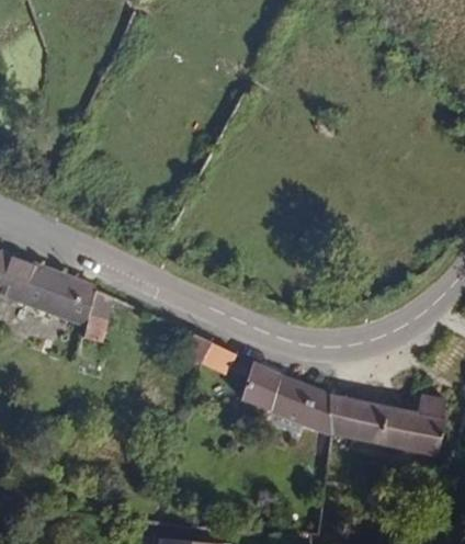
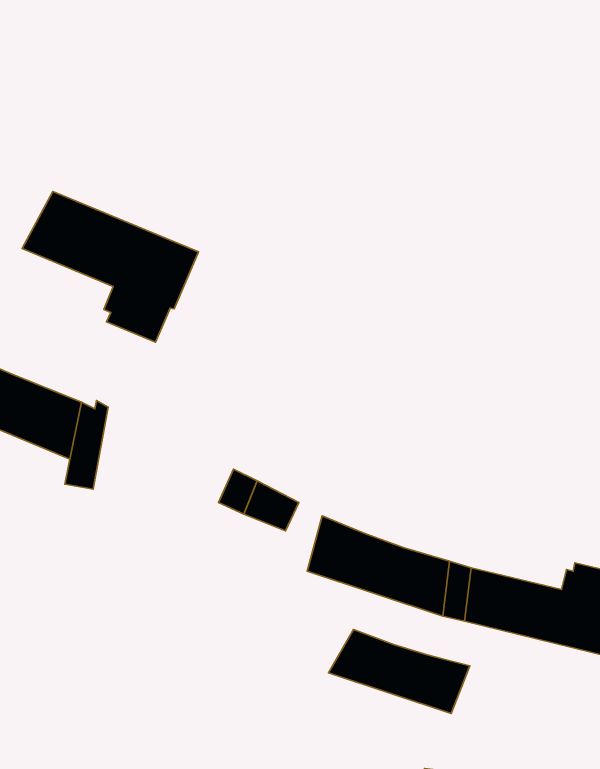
building: none -> [22,192,198,342]
building: none -> [329,630,470,714]

